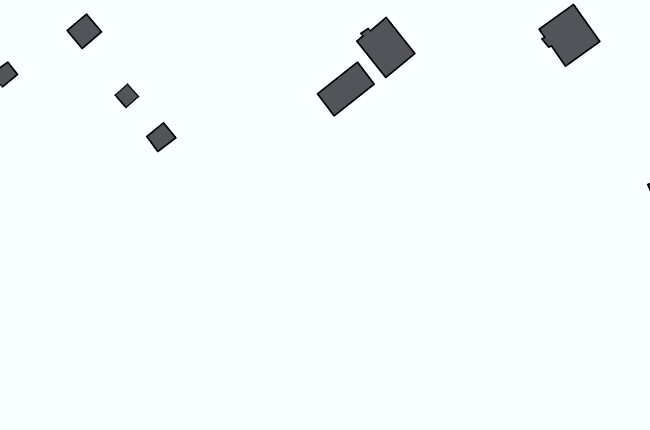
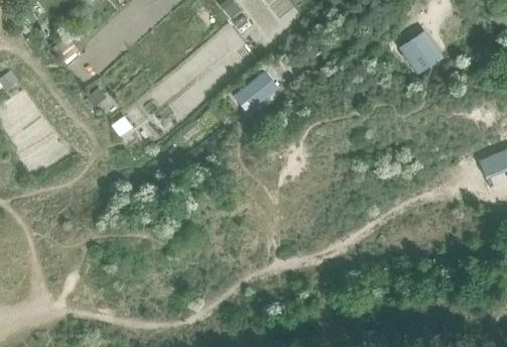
building: [357,17,415,77] -> none

